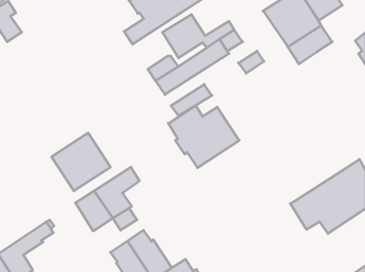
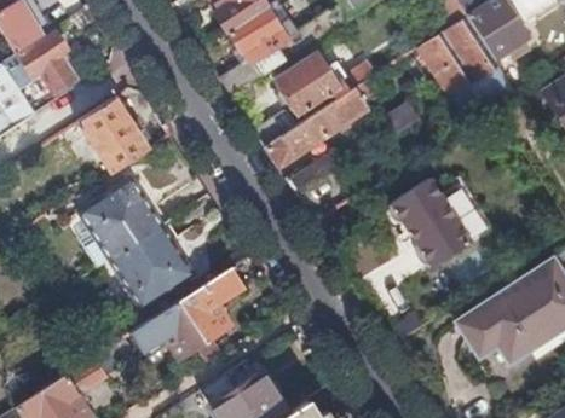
building: none -> [77,97,148,173]
building: none -> [87,174,169,254]
building: [168,105,239,168] -> [390,176,490,265]

